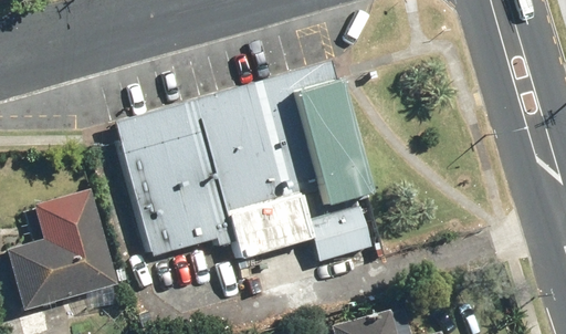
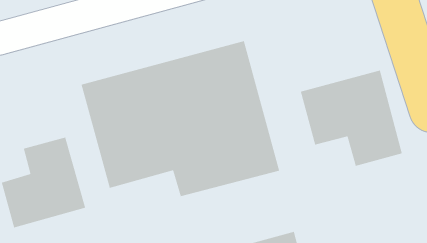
building: none -> [300,70,403,167]

